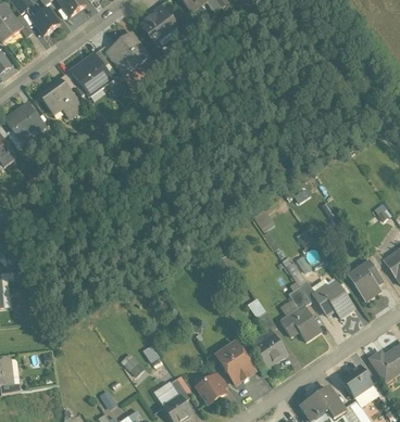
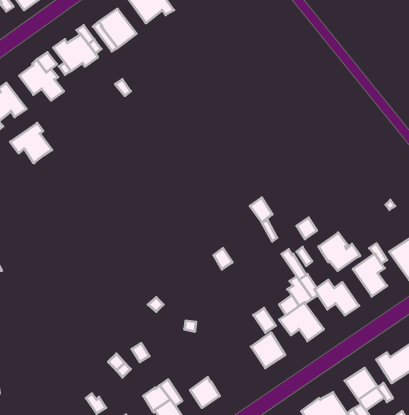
building: none -> [10,123,52,163]
building: none -> [319,233,360,271]
building: [215,342,253,383] -> none

